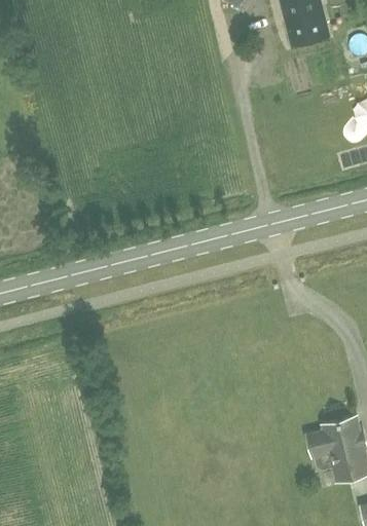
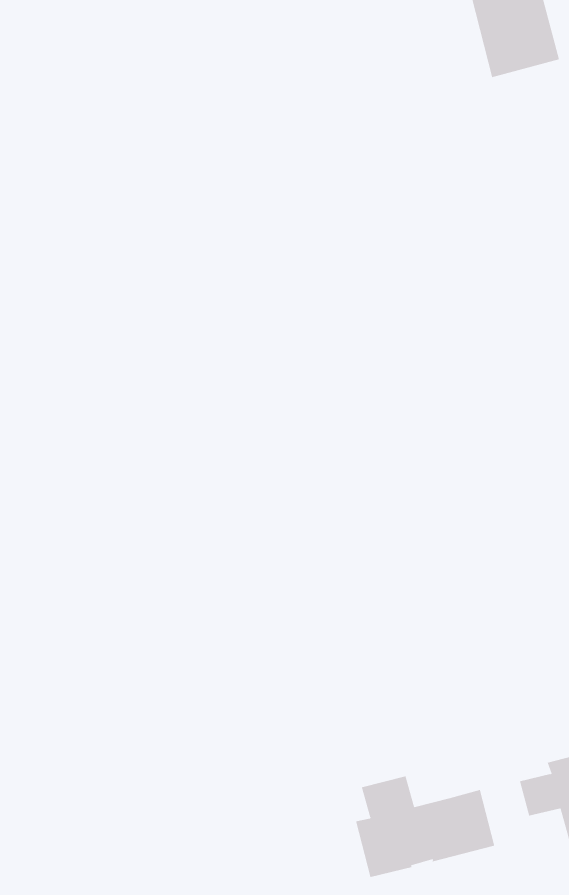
building: none -> [355,776,495,878]

